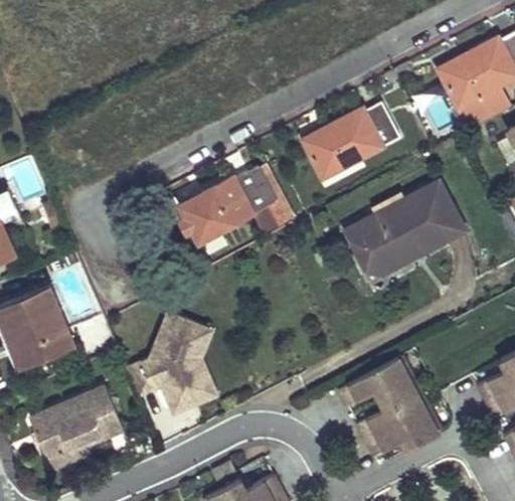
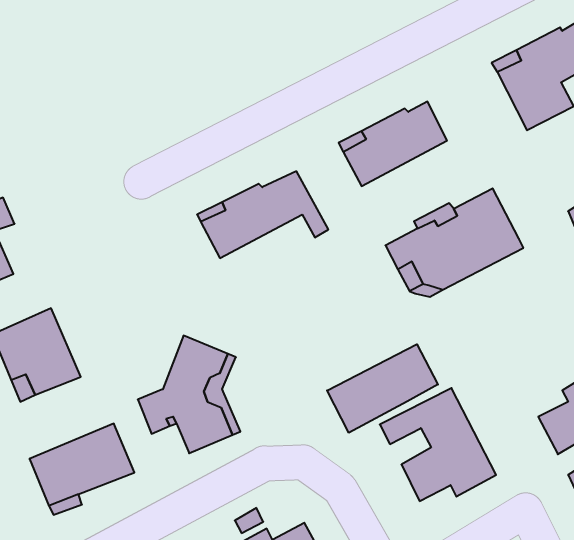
building: none -> [327,344,438,433]

